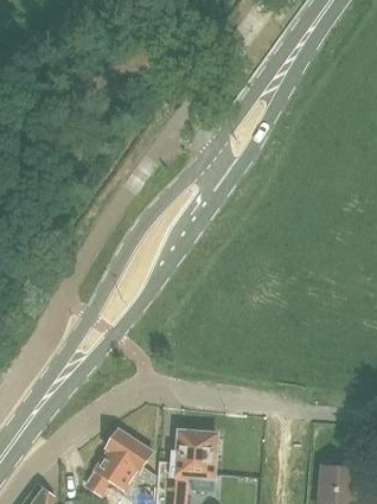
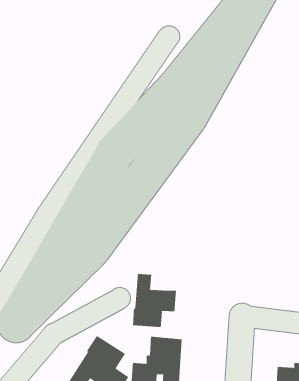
building: none -> [132,273,177,328]

